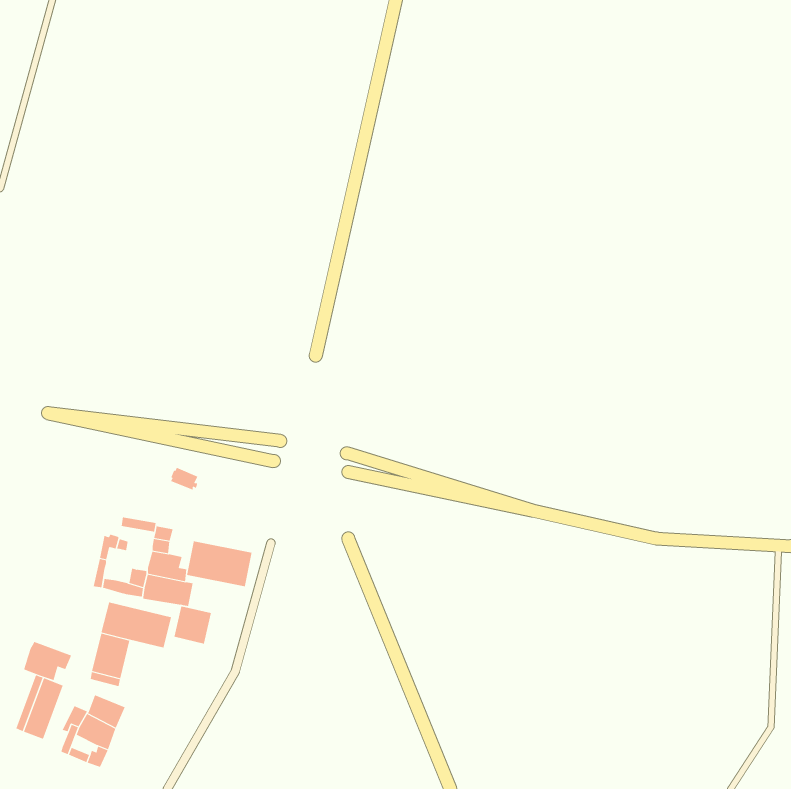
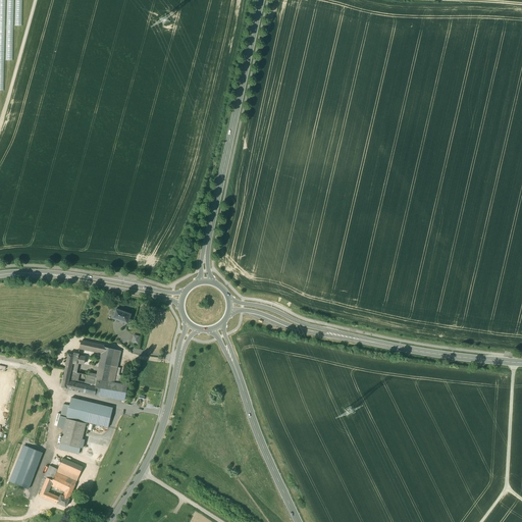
building: [187,541,252,587] -> none
building: [174,605,211,645] -> none
building: [23,641,72,681] -> none

